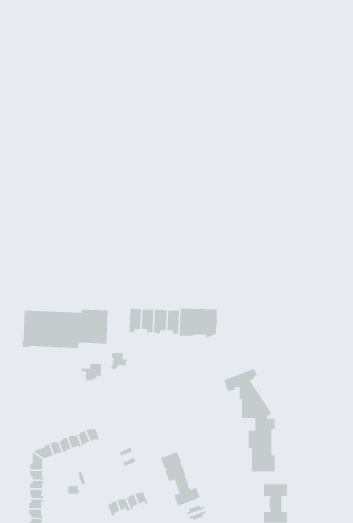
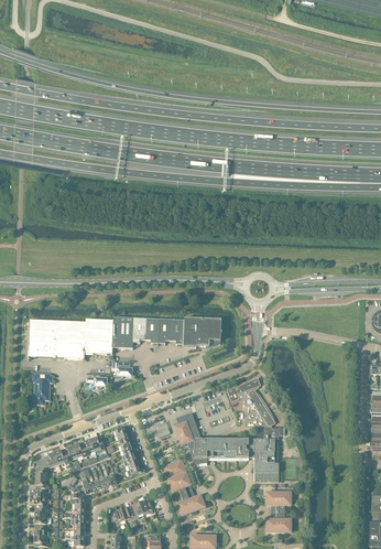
building: none -> [112,316,134,347]
building: none -> [33,373,52,403]
building: none -> [174,411,251,466]

